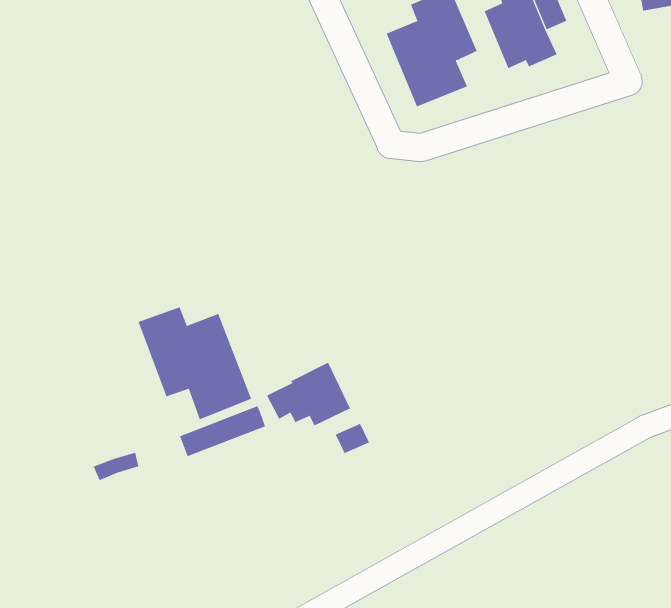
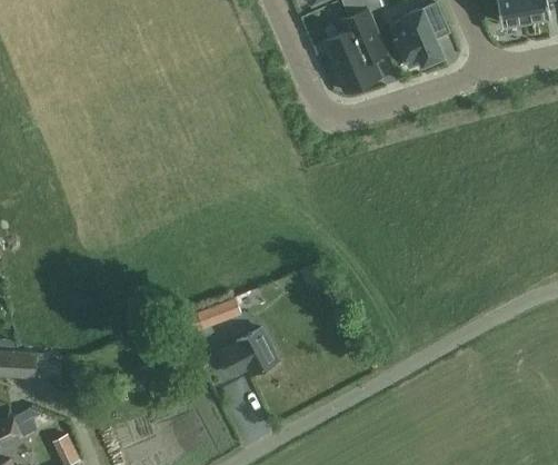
building: [138,307,252,420] -> none
building: [266,362,351,426] -> [218,328,277,373]

